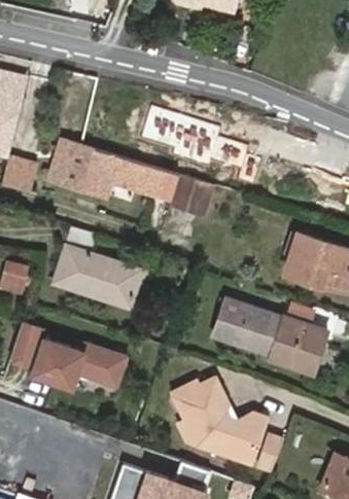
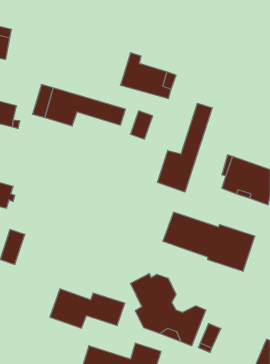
building: none -> [157,103,212,192]
building: [55,228,140,307] -> none
building: [33,338,126,387] -> [50,289,125,328]

